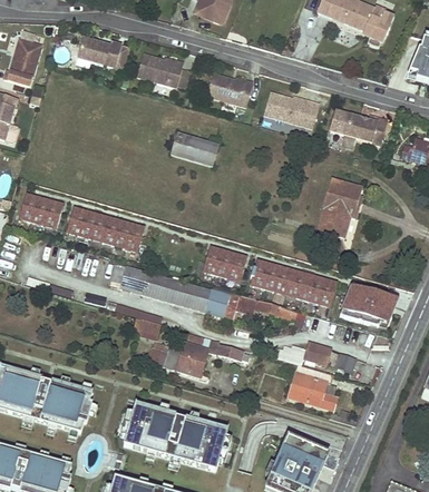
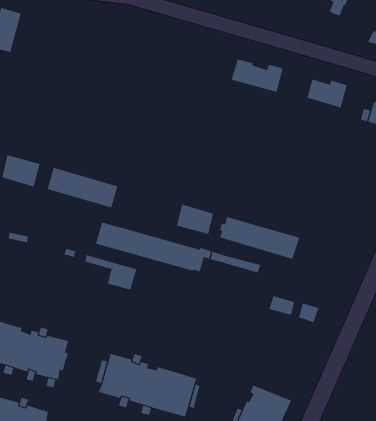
building: [77,37,121,67] -> none
building: [137,52,183,86] -> none
building: [206,72,253,106] -> none
building: [170,131,218,165] -> none
building: [318,178,361,235] -> none
building: [344,282,396,326] -> none
building: [148,335,248,376] -> none
building: [289,364,337,409] -> none

